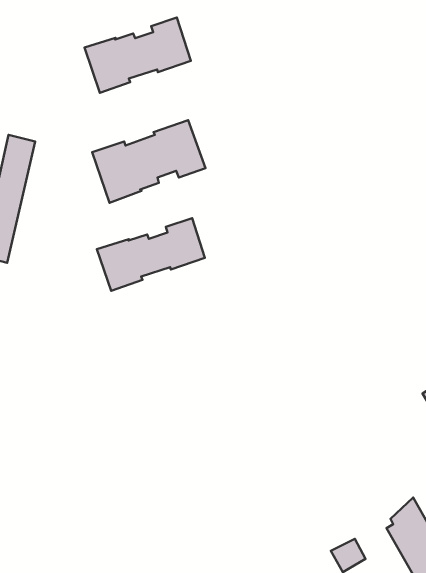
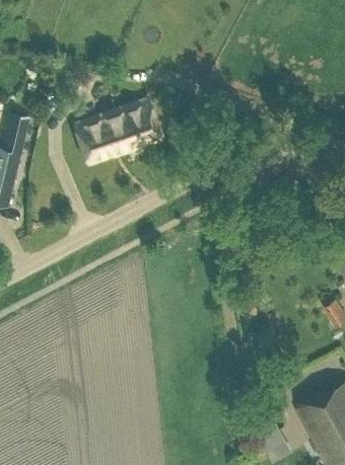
building: [84,17,191,93] -> none
building: [97,218,205,291] -> none

